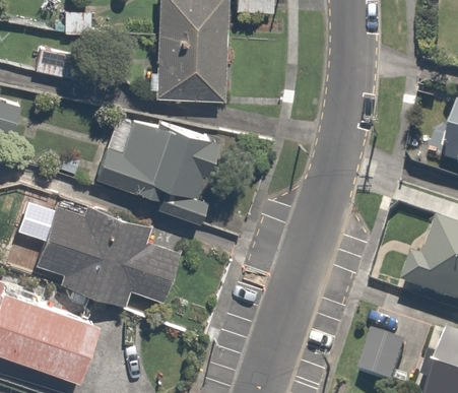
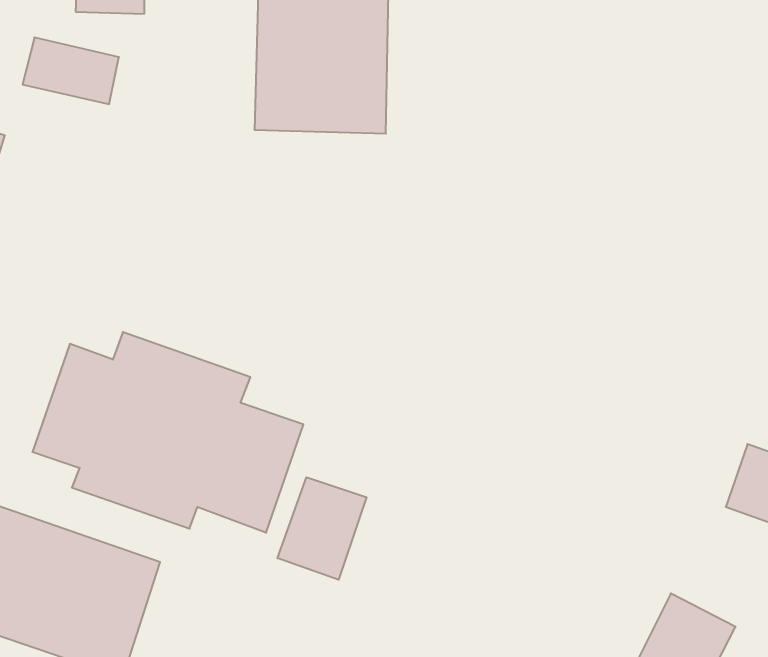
building: [97,114,238,207] -> none
building: none -> [277,477,367,580]

